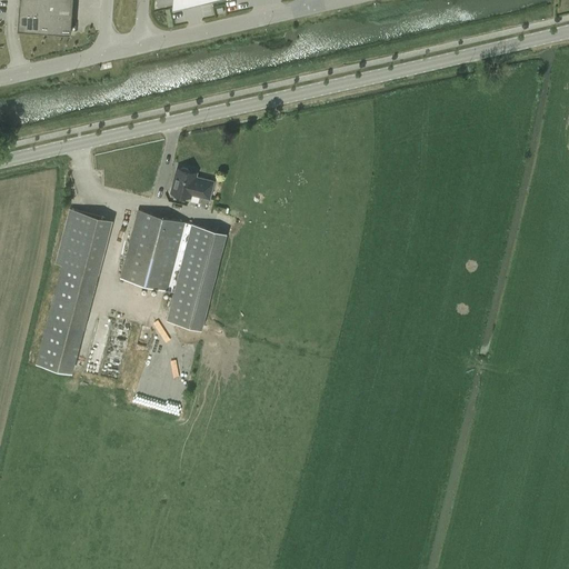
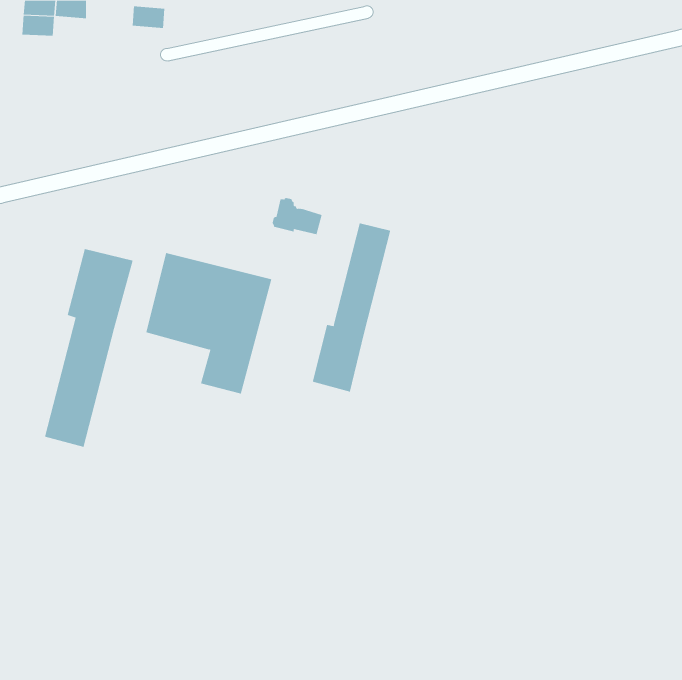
building: [44,16,72,34] -> [132,6,165,29]
building: [171,169,213,200] -> [272,198,323,235]
building: none -> [312,222,391,392]

